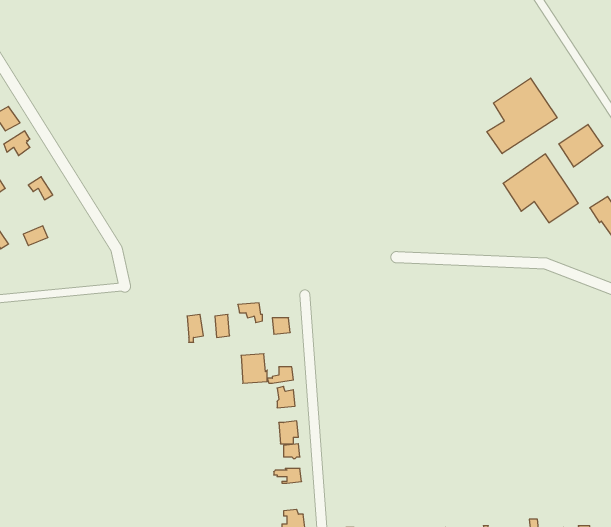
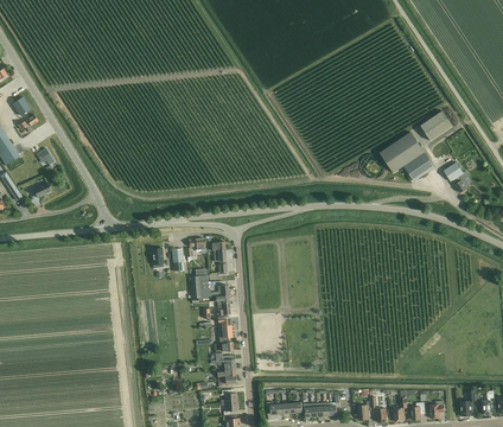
building: [487,78,557,154] -> none

